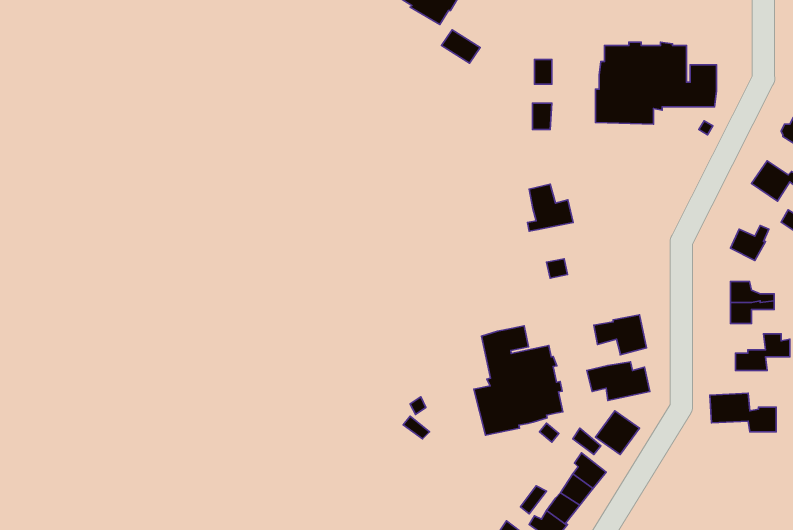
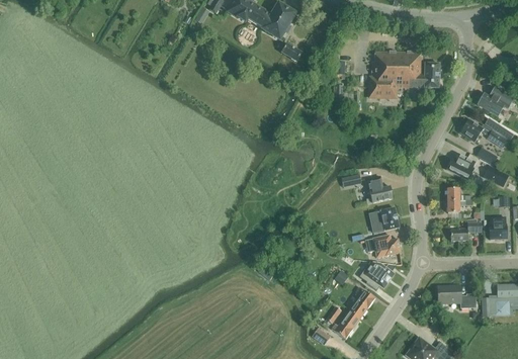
building: [528,184,573,231] -> [366,176,393,203]
building: [474,326,563,435] -> none
building: [710,393,776,432] -> [437,285,476,307]

